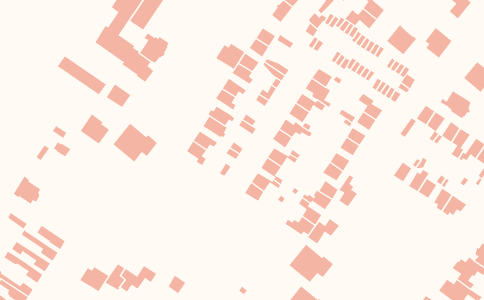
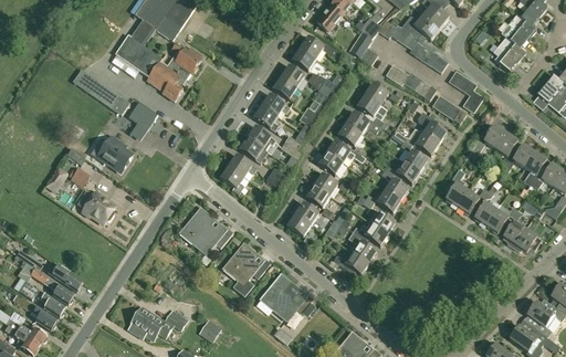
building: [386,24,417,55] -> [501,13,536,49]
building: [211,43,245,70] -> none
building: [440,90,471,119] -> none
building: [112,123,158,163] -> [180,208,232,253]
building: [339,174,358,207] -> [446,168,468,206]
building: [13,176,41,205] -> [82,190,114,223]
building: none -> [223,243,270,295]
building: [307,218,340,244] -> none
building: [288,244,334,283] -> [261,274,313,318]
building: [75,266,109,292] -> none

